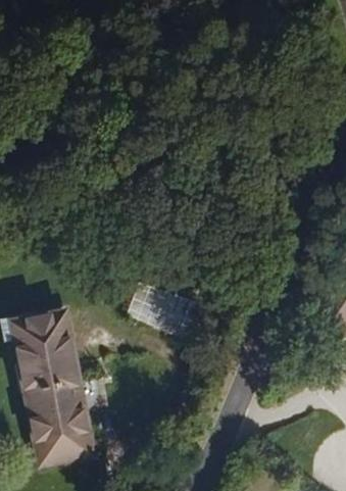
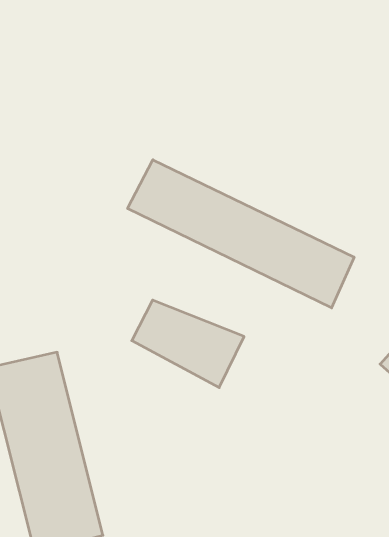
building: none -> [128,160,354,308]

